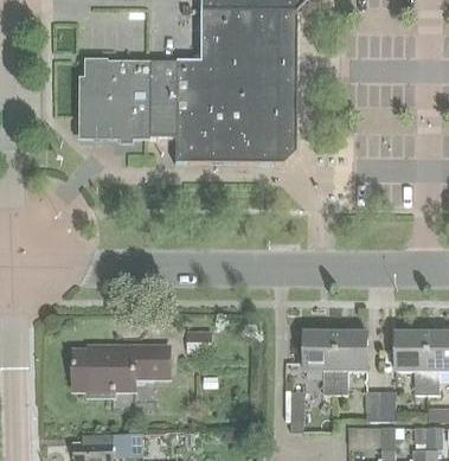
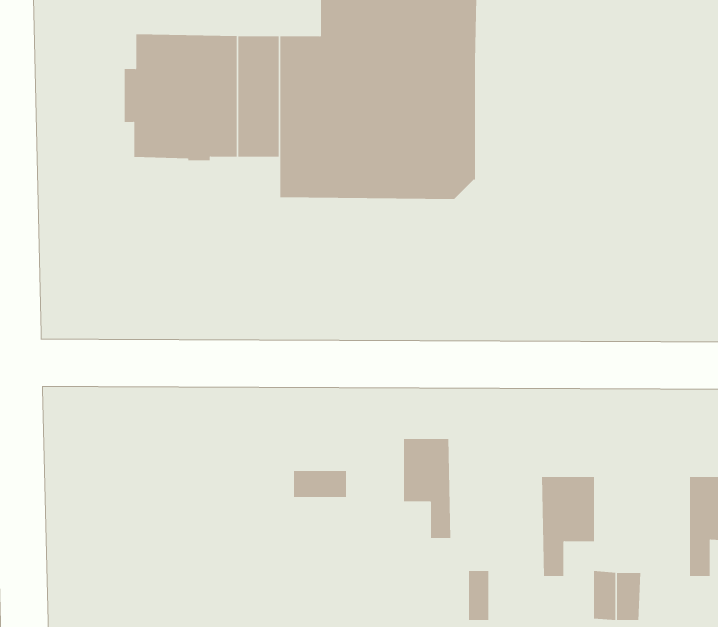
building: [306,332,335,393] -> [403,438,451,539]
building: [397,332,425,393] -> none
building: [75,345,169,396] -> none

